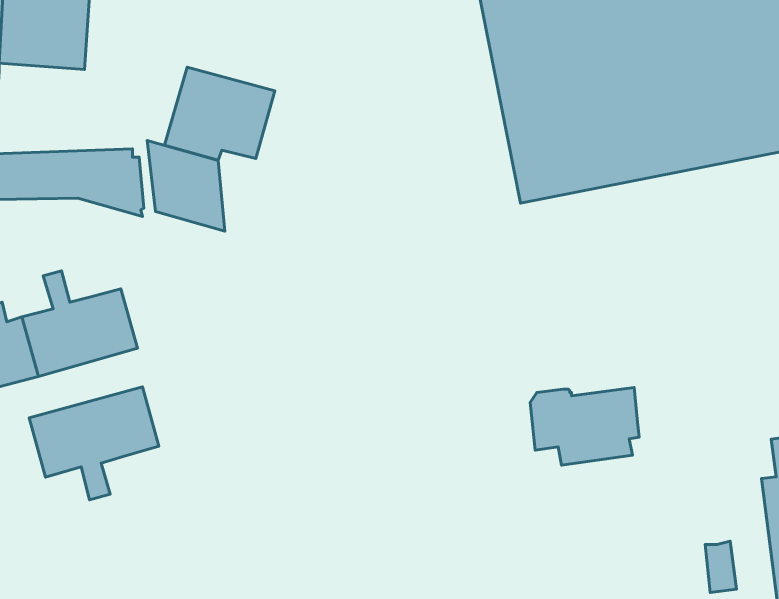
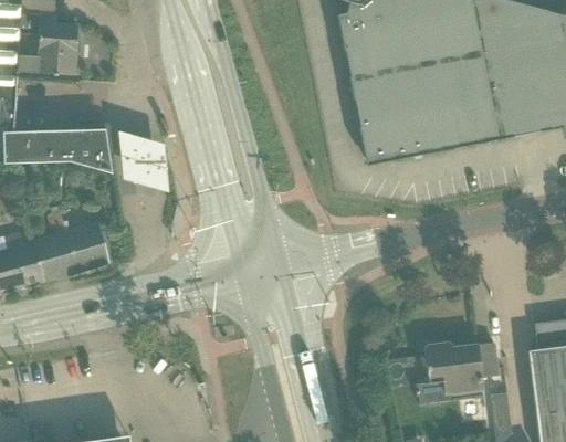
building: [165,67,275,160] -> none
building: [29,387,159,500] -> none
building: [530,388,639,465] -> [426,341,499,393]

